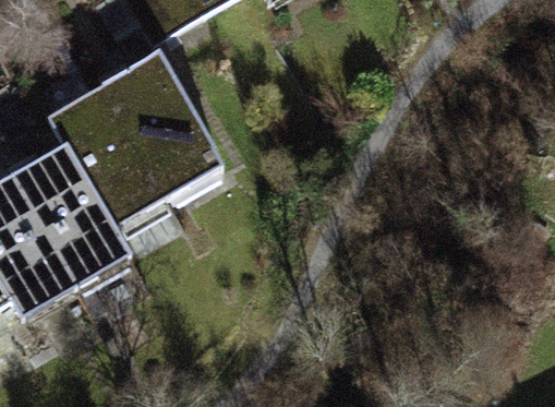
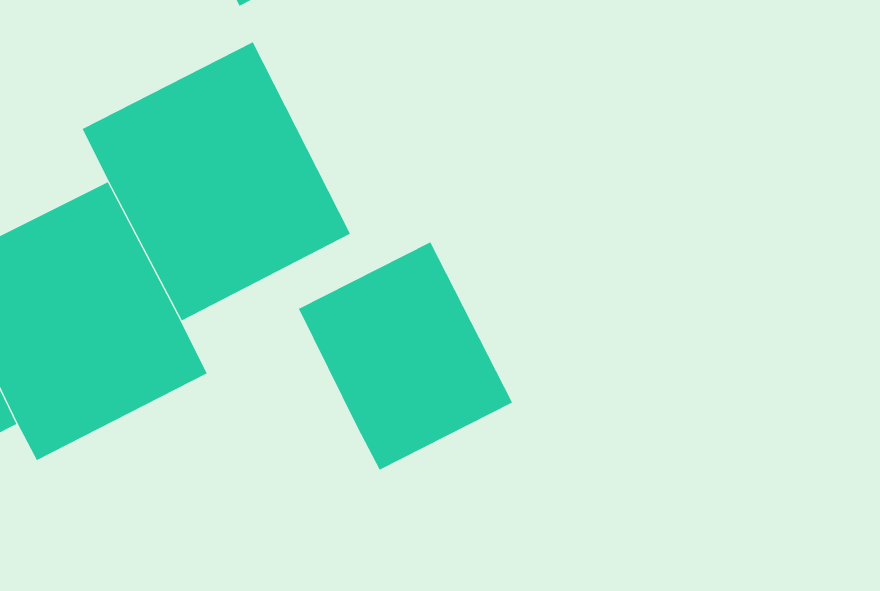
building: none -> [298,242,513,471]

